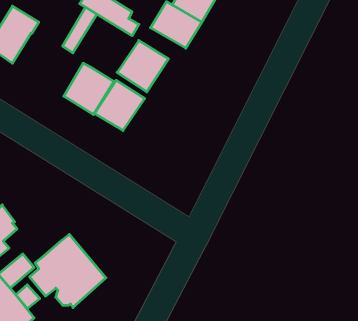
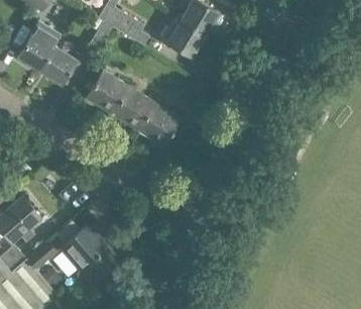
building: none -> [38,44,78,85]
building: [117,40,168,92] -> [136,102,182,147]

